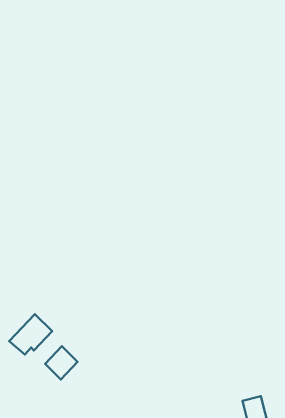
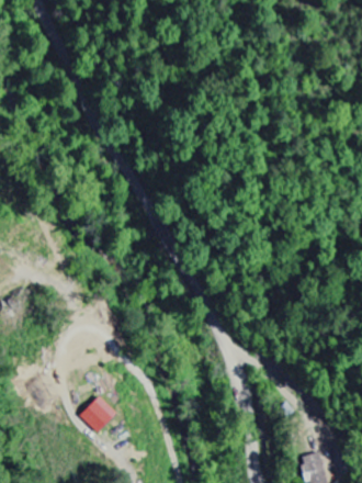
building: [9,314,52,354] -> none

